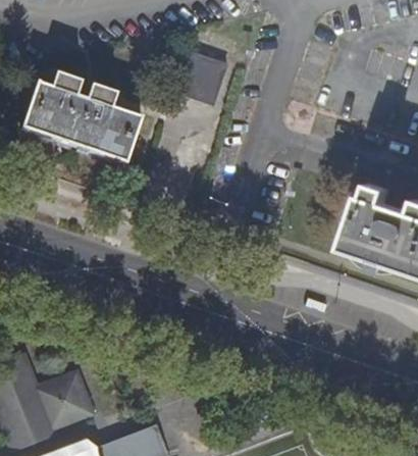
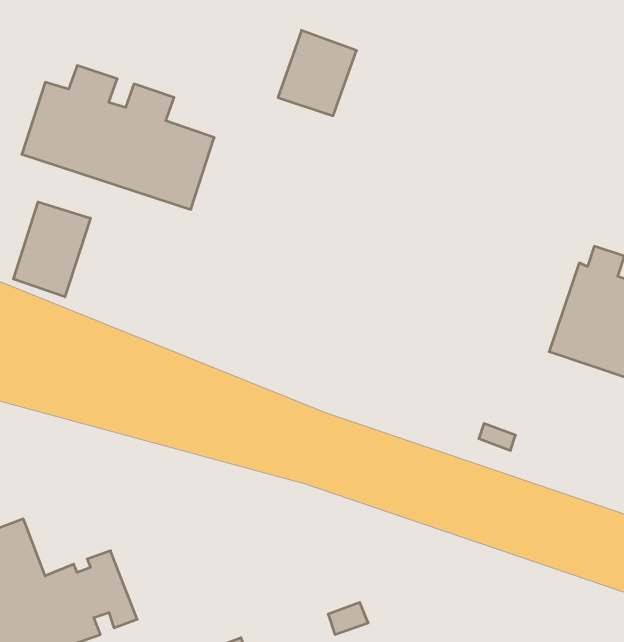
building: none -> [13,202,90,297]

